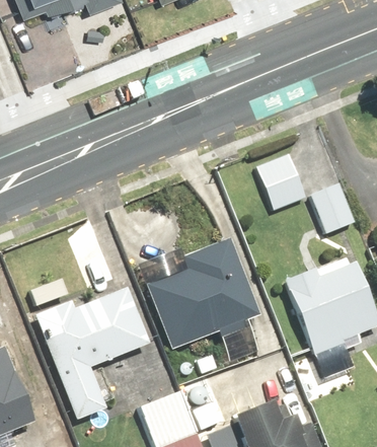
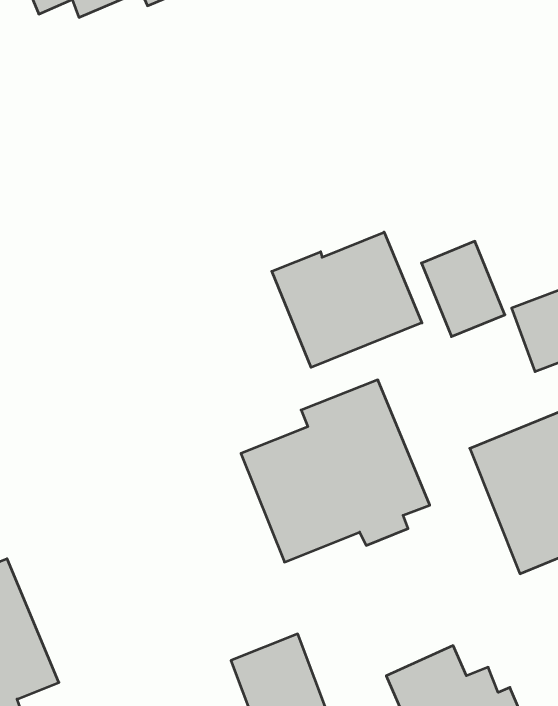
building: none -> [272,232,422,367]
building: [33,287,151,420] -> none

